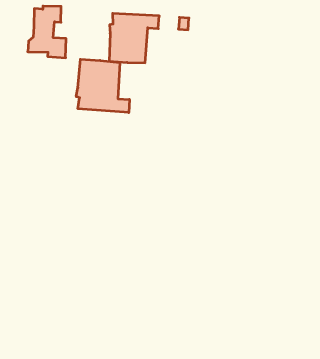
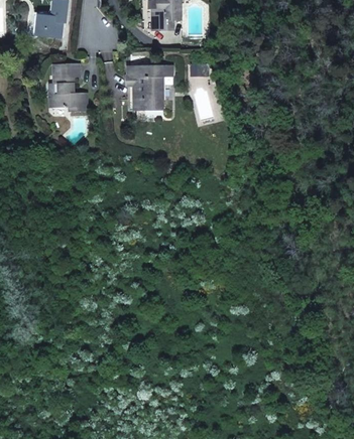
building: [76,59,129,113] -> none

